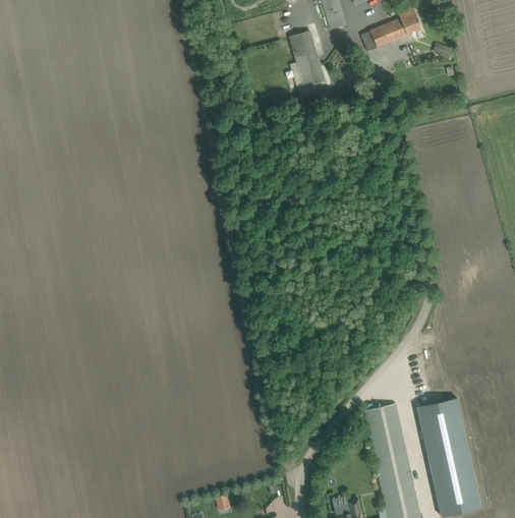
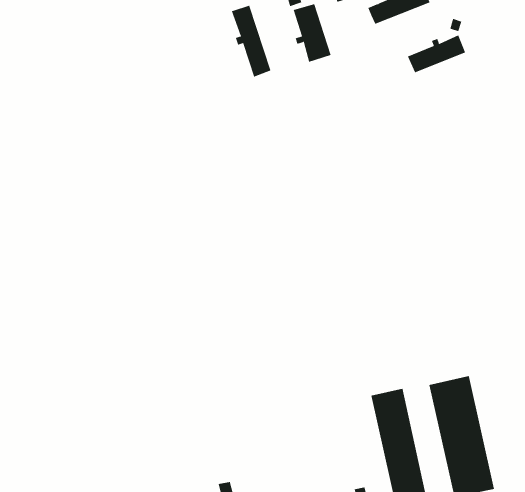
building: none -> [231,5,271,78]
building: none -> [407,35,466,73]

